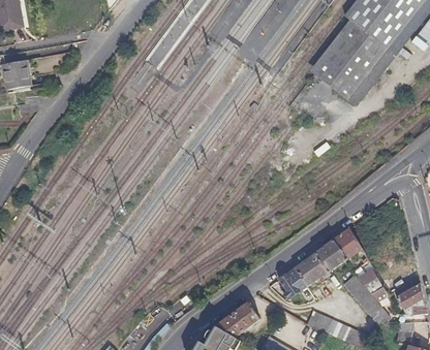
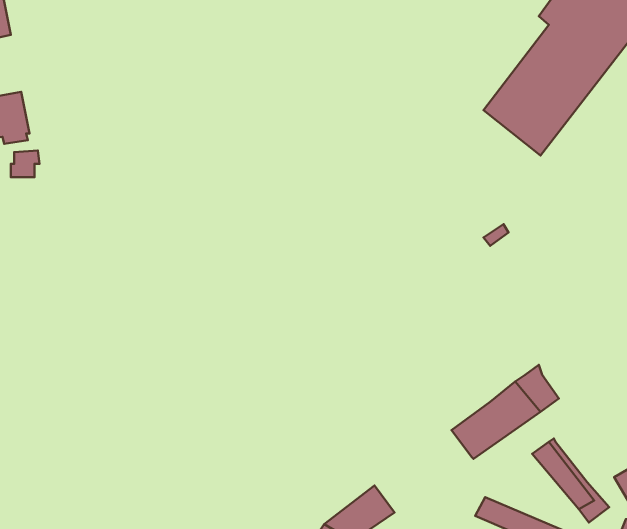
building: [359,267,388,301] -> none
building: [279,269,308,299] -> none

